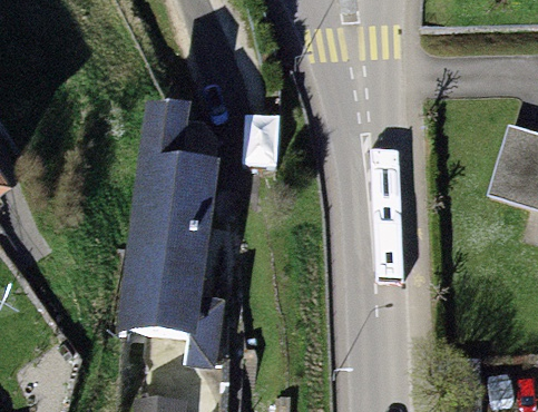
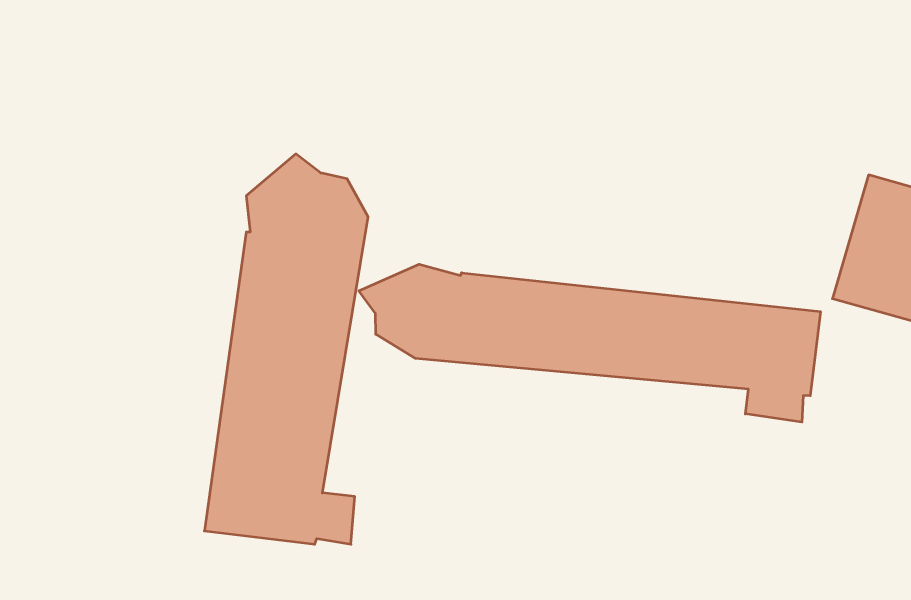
building: none -> [359,264,820,422]

